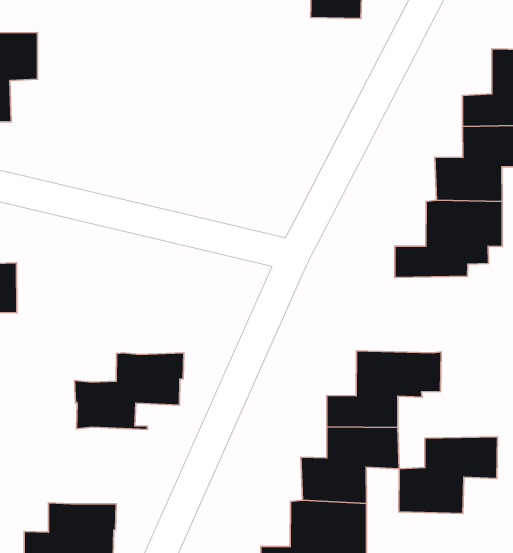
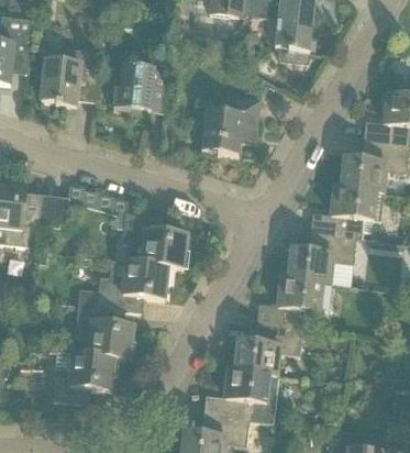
building: none -> [114,64,169,111]
building: none -> [202,93,261,153]
building: none -> [123,211,188,266]
building: none -> [75,301,134,357]
building: [399,437,497,513] -> [288,231,356,281]

